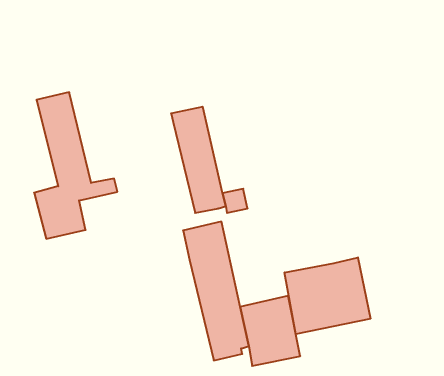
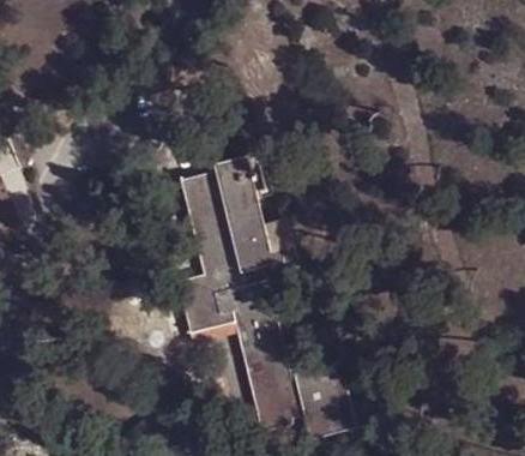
building: [34,92,117,239] -> [177,175,268,336]
building: [285,257,370,334] -> none

